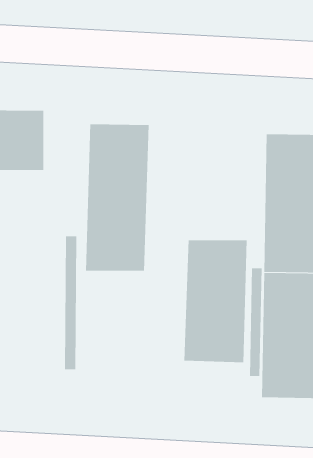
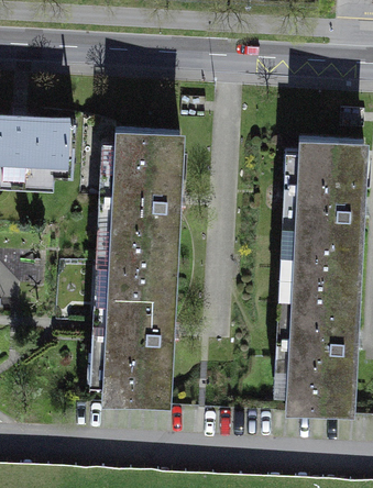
building: [183,240,248,363] -> [110,278,174,400]

